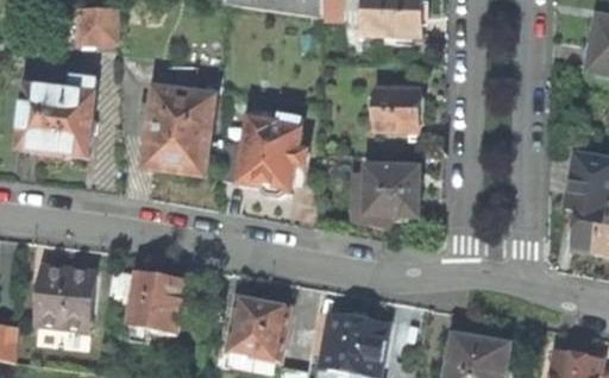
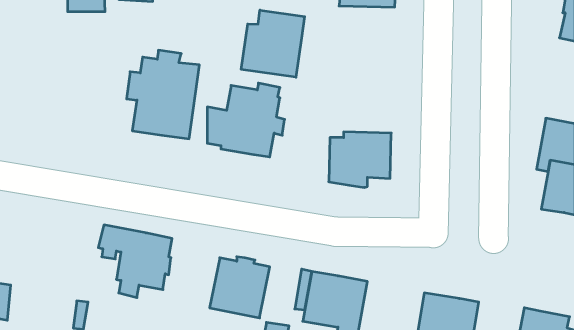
building: none -> [241,10,305,77]
building: [18,73,95,156] -> none
building: [370,87,421,127] -> none
building: [34,266,93,329] -> none

